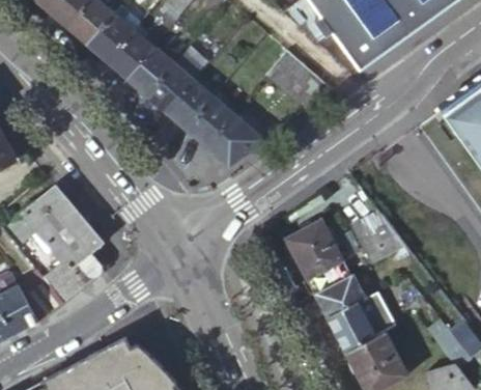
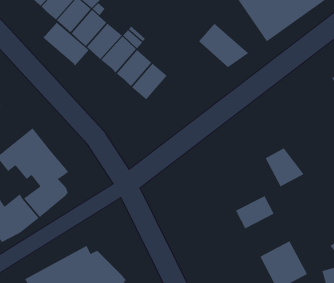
building: none -> [43,22,89,66]
building: [201,118,257,168] -> none
building: [287,218,351,291] -> none
building: [328,291,391,351] -> none

